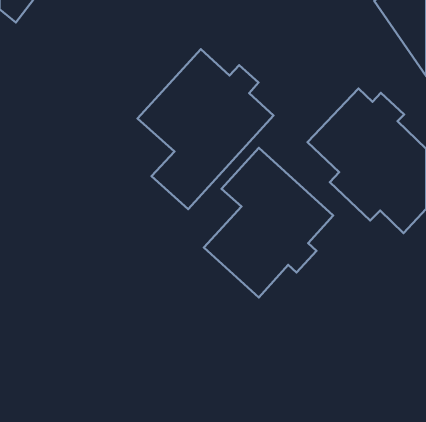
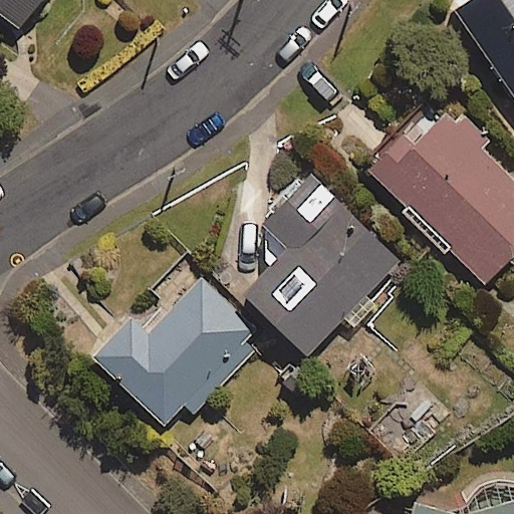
building: [138,49,274,209] -> none
building: none -> [94,276,264,432]

